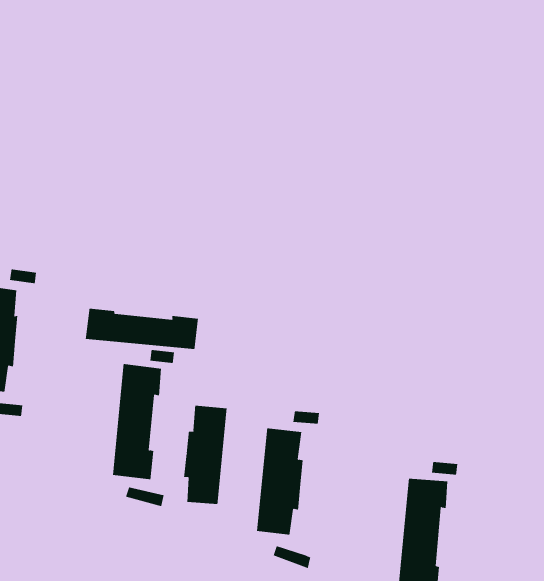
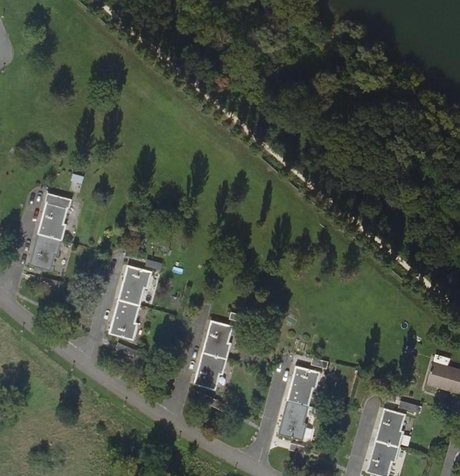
building: [85,308,199,350] -> none
building: [184,405,227,505] -> none

